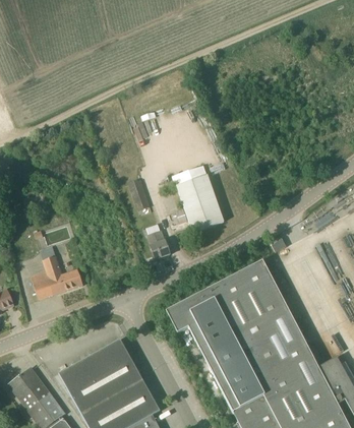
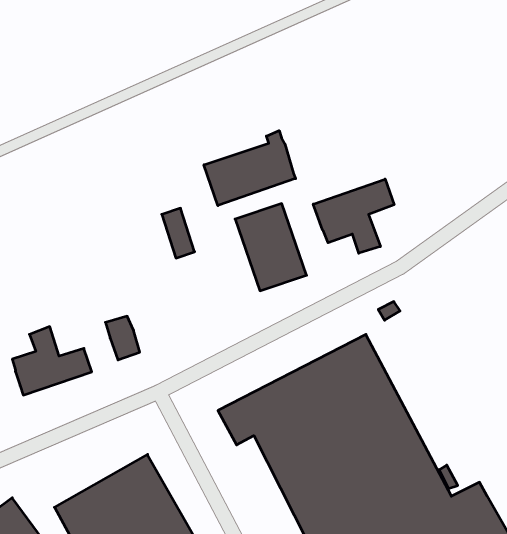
building: none -> [204,131,296,206]
building: none -> [313,179,394,253]
building: [146,231,169,259] -> [105,316,140,360]

